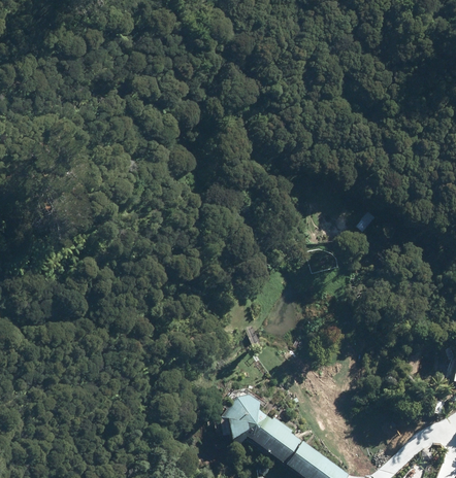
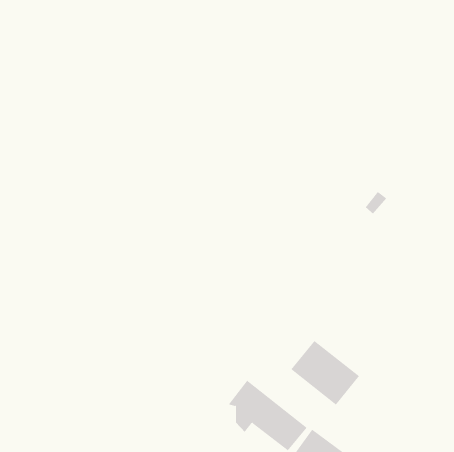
building: none -> [290,340,360,405]

